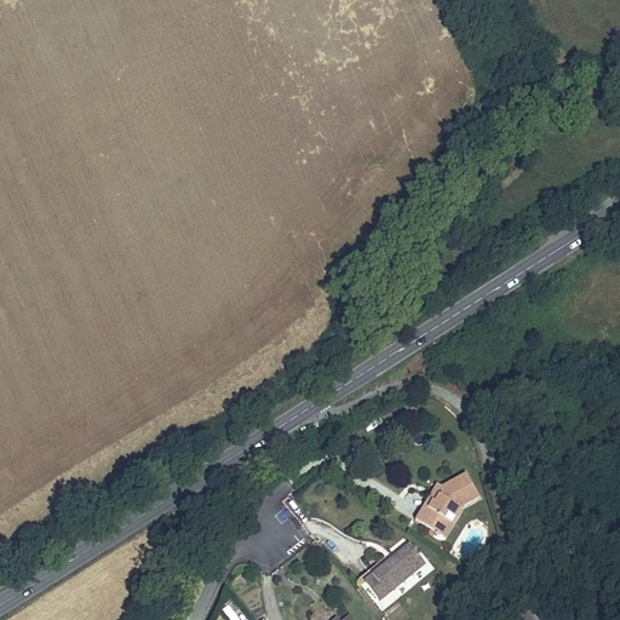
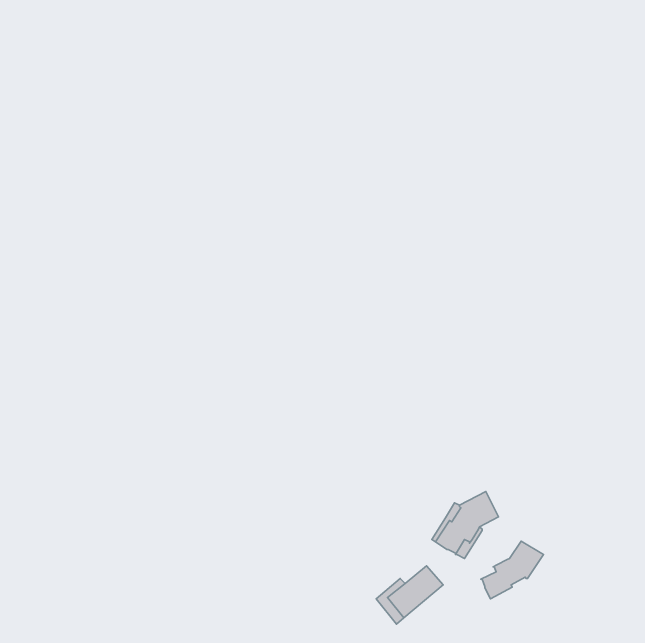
building: none -> [481,541,543,599]

